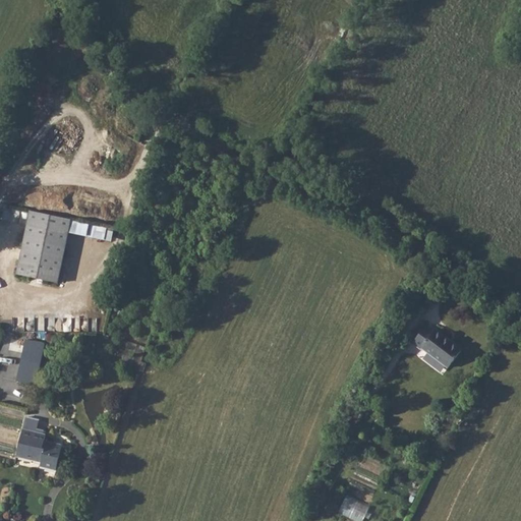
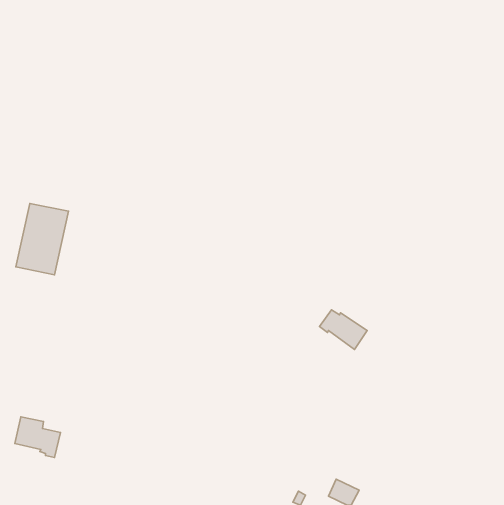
building: [410,330,459,370] -> [320,310,367,349]
building: [15,338,44,384] -> none

